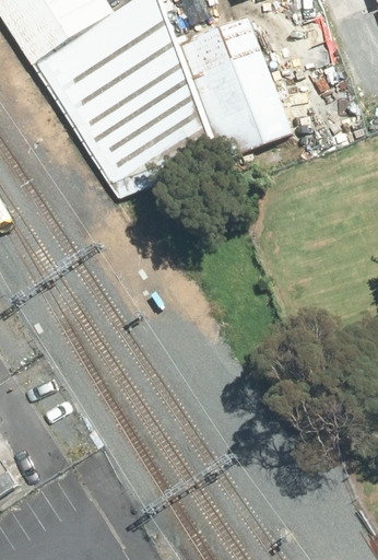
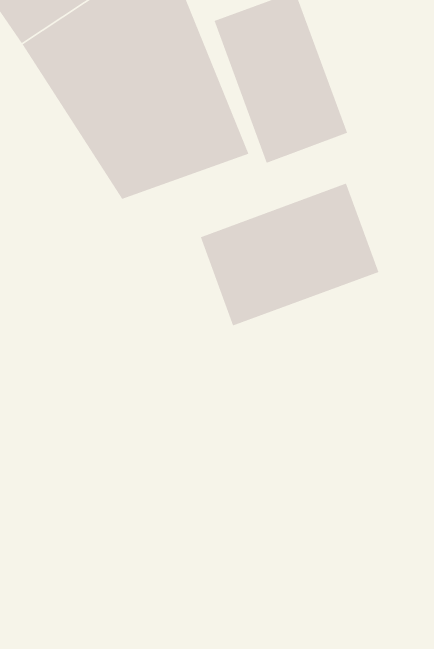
building: none -> [200,183,379,327]

